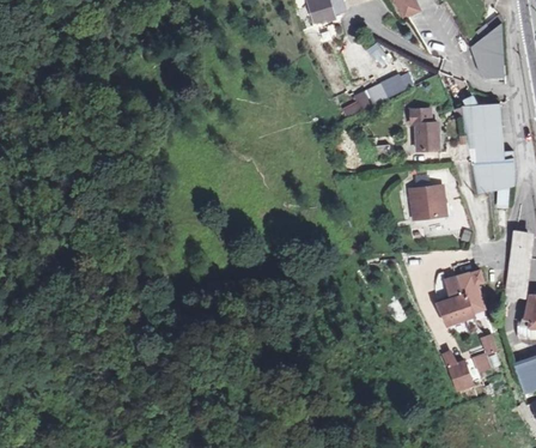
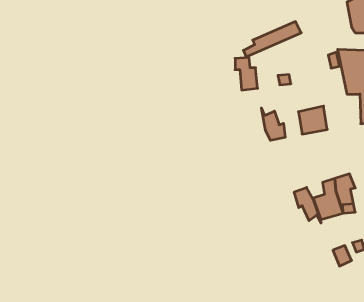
building: [408,107,437,149] -> [235,58,258,90]
building: none -> [261,108,285,140]
building: none -> [294,187,321,223]

